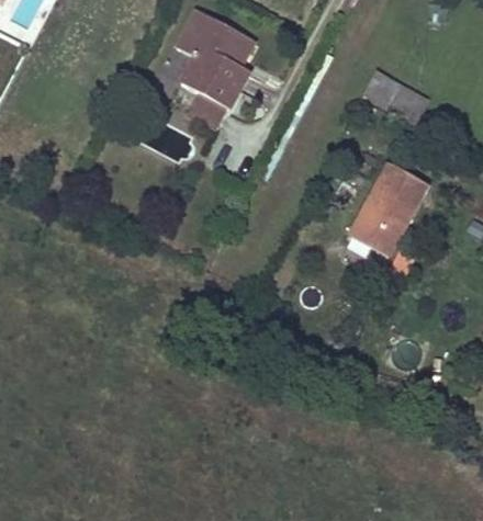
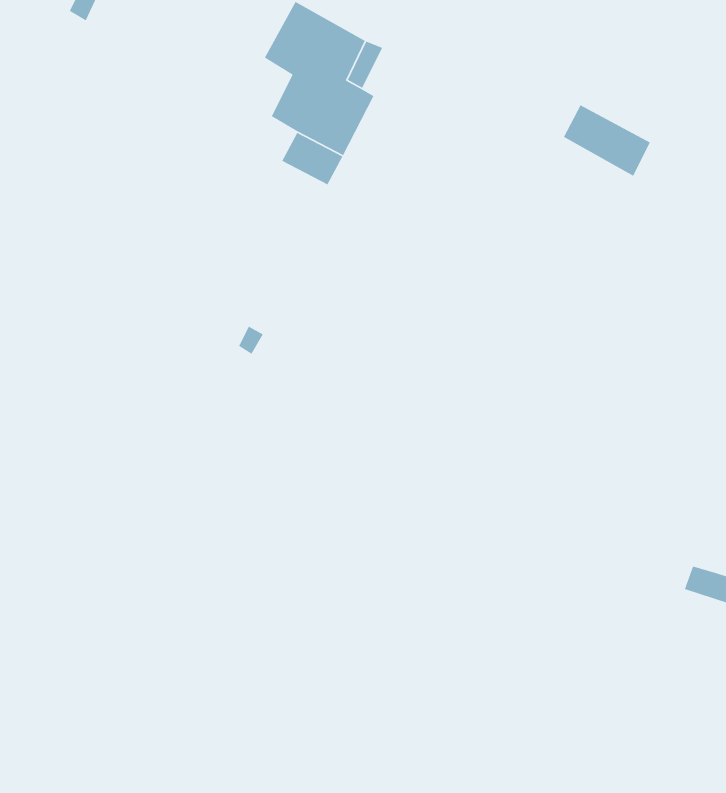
building: [348,158,429,256] -> none

